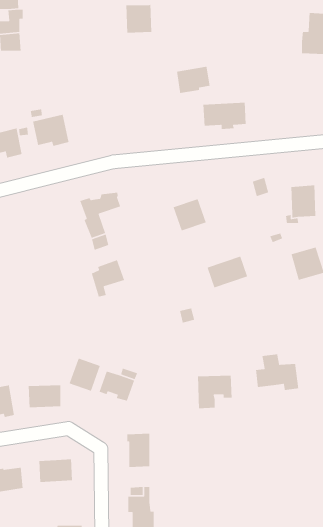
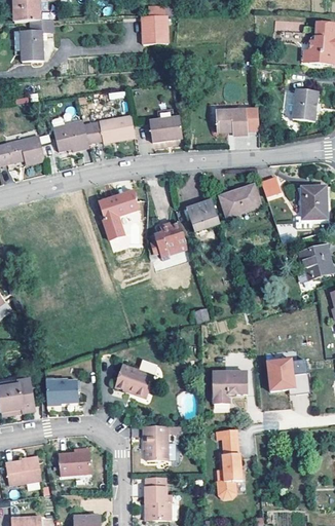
building: [176,66,210,94] -> [149,116,182,143]
building: none -> [293,90,319,122]
building: none -> [83,116,135,144]
building: [206,255,248,289] -> [221,187,261,219]
building: [91,259,125,298] -> [155,225,188,262]
building: [69,358,101,392] -> none
building: none -> [216,429,241,498]

